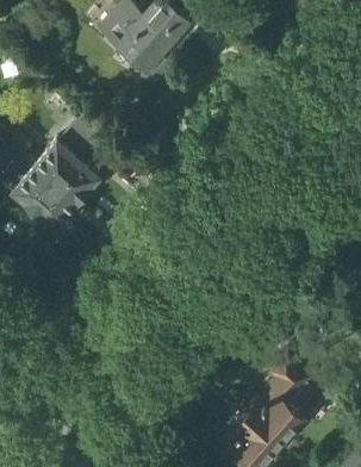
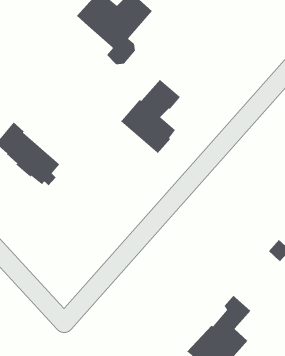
building: [33,119,106,208] -> [120,79,181,154]

